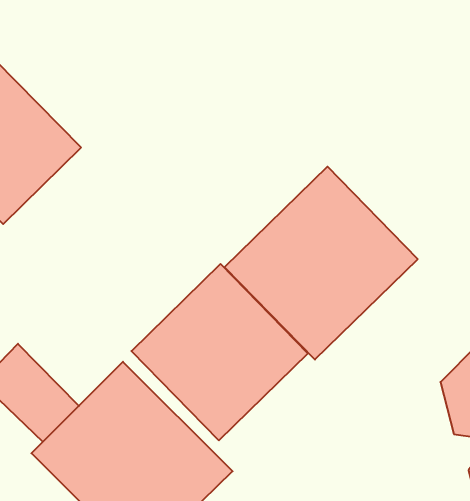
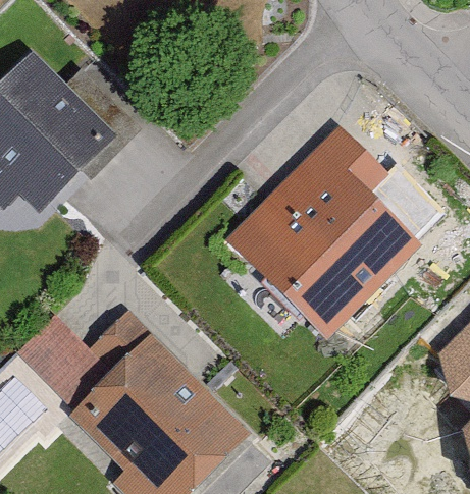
building: [131,264,308,440] -> none

